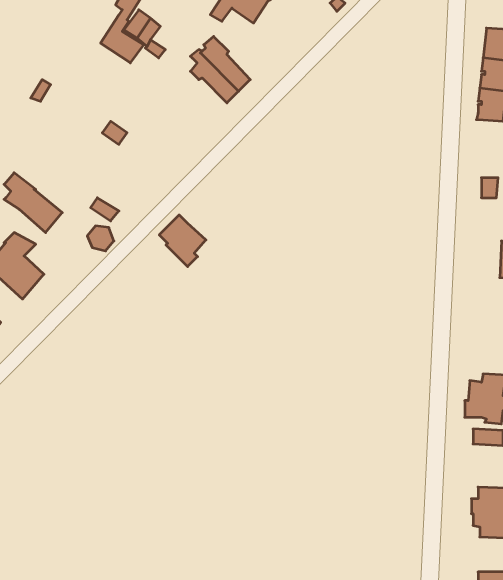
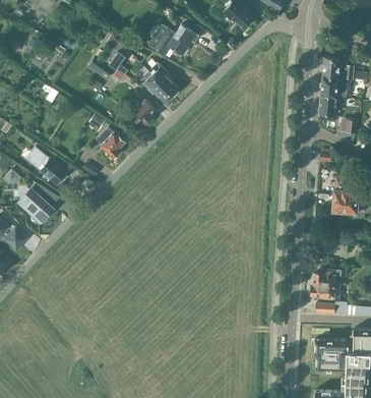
building: none -> [129,96,156,124]
building: [159,215,206,267] -> [97,127,125,159]

